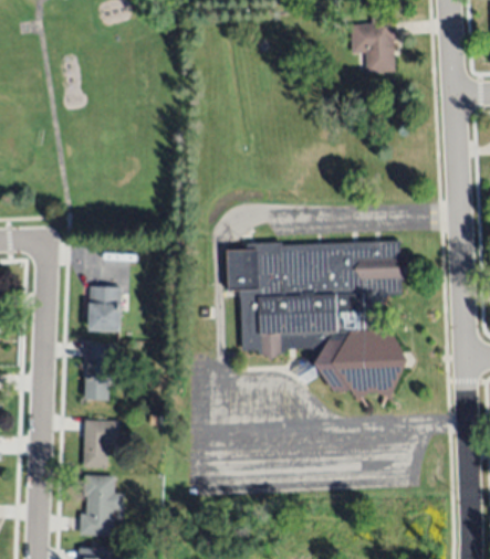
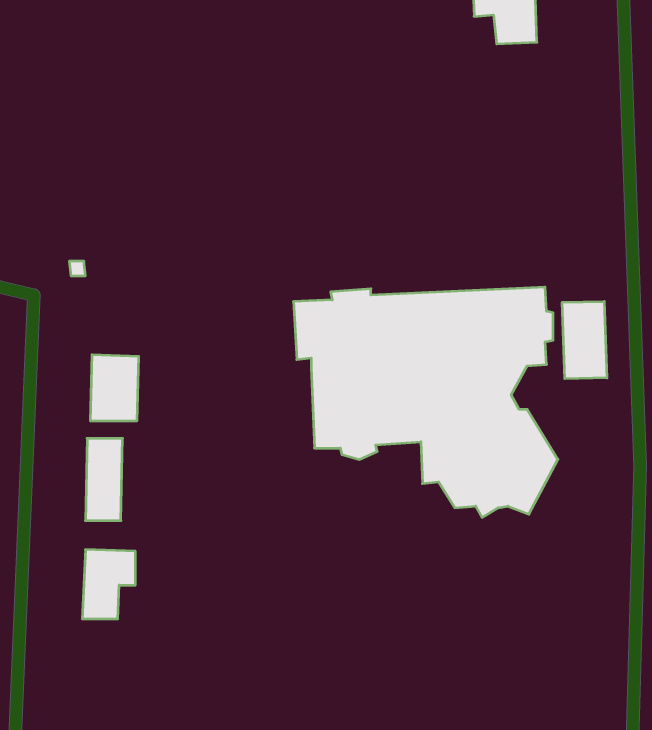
building: none -> [562,301,607,379]
building: [80,475,123,536] -> none

